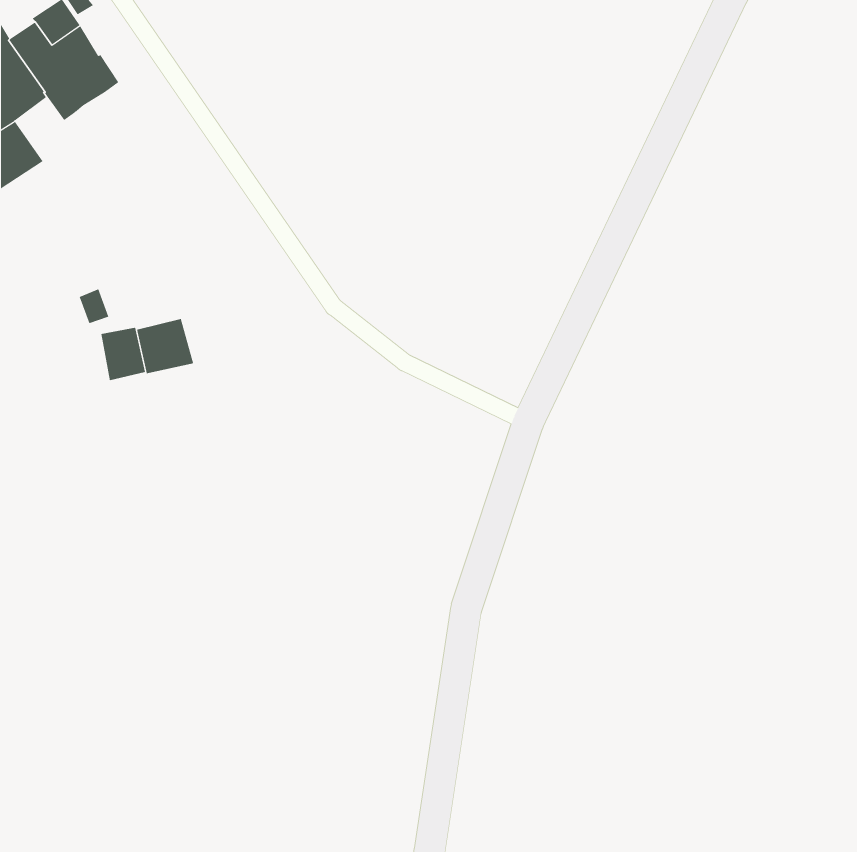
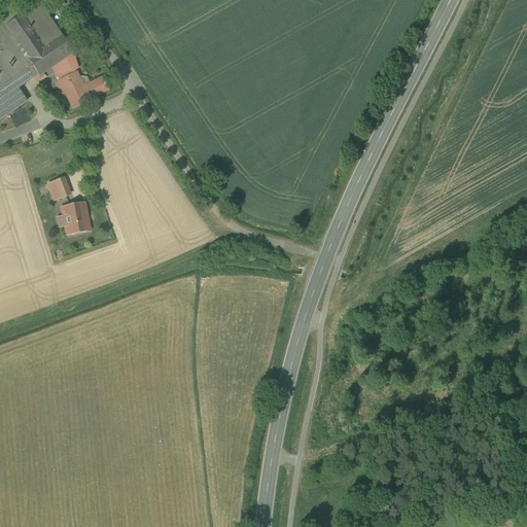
building: none -> [51,57,108,107]
building: [136,318,194,374] -> none

